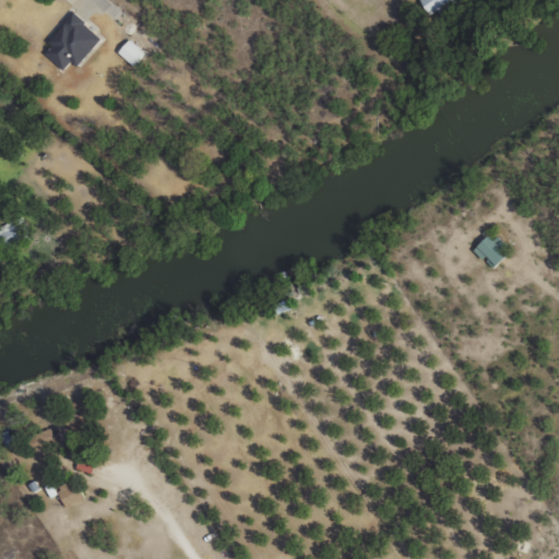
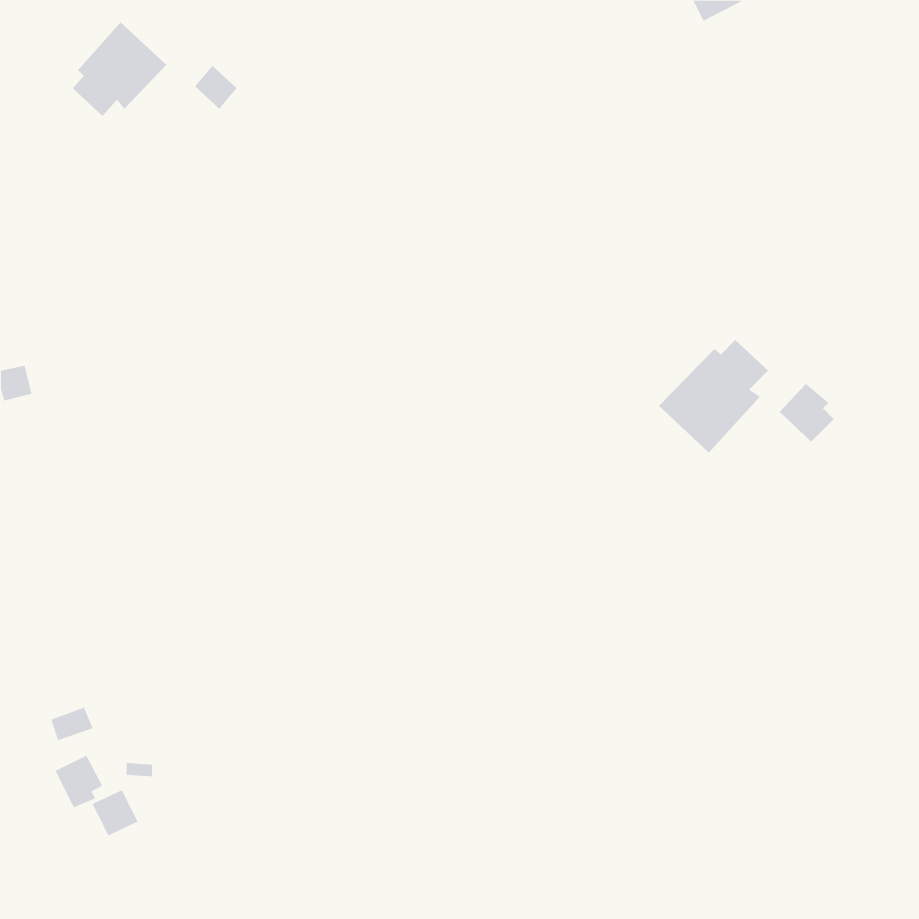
building: none -> [658,339,769,453]
building: none -> [55,755,103,808]

